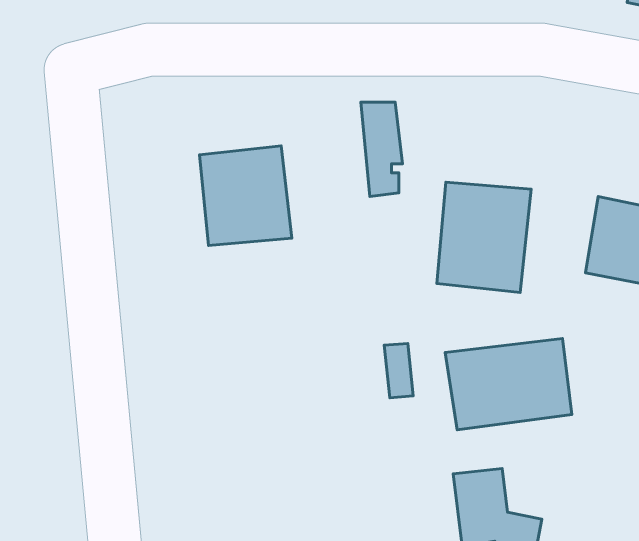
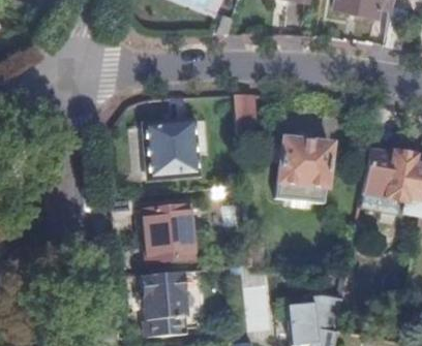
building: none -> [144,206,192,260]
building: [445,339,572,430] -> none
building: none -> [144,272,188,337]

